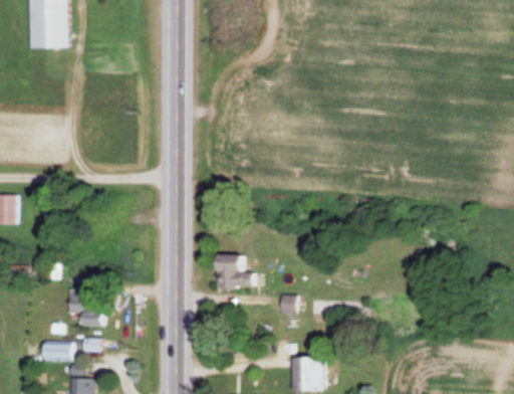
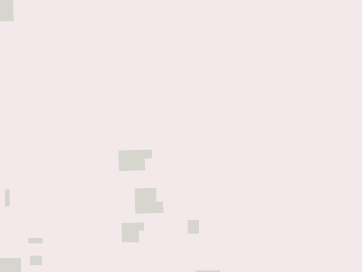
building: none -> [118,149,153,172]
building: none -> [121,221,144,243]

